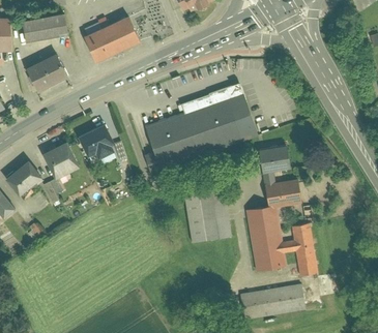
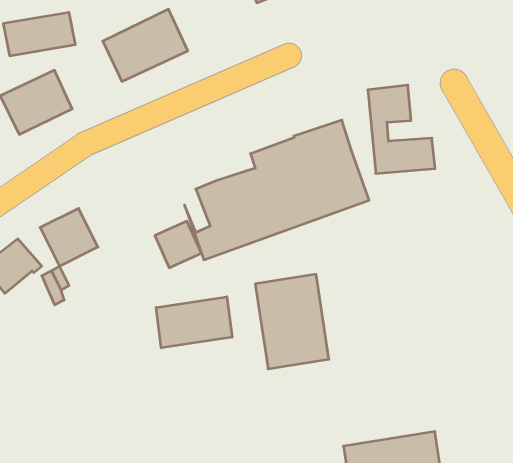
building: [80,121,110,151] -> [155,221,201,268]
building: [260,147,303,204] -> [368,85,435,173]
building: none -> [156,297,232,348]
building: [246,208,315,276] -> none

